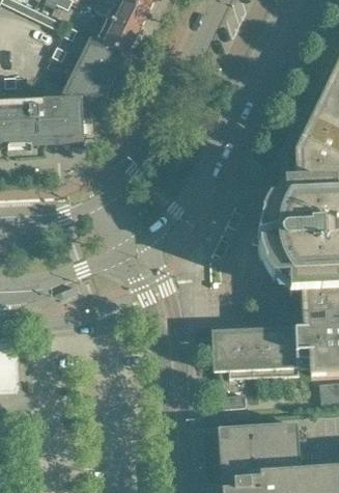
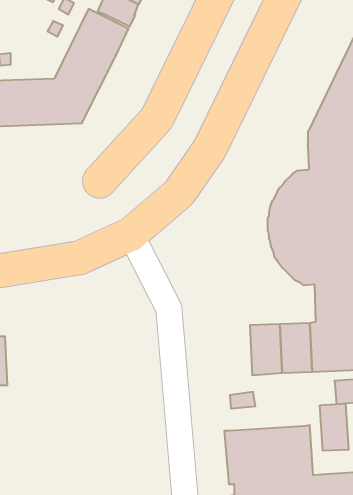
building: [213,329,244,376] -> none
building: none -> [320,403,348,451]

